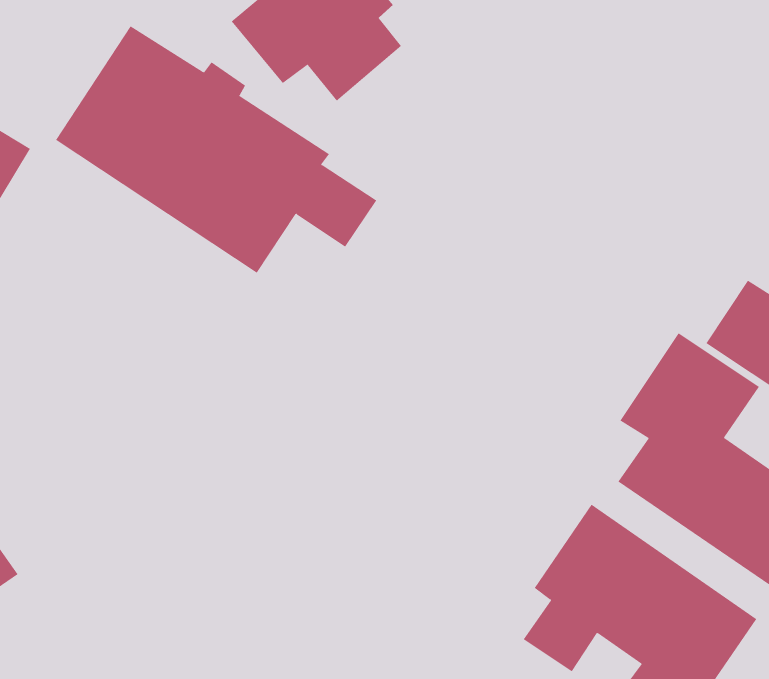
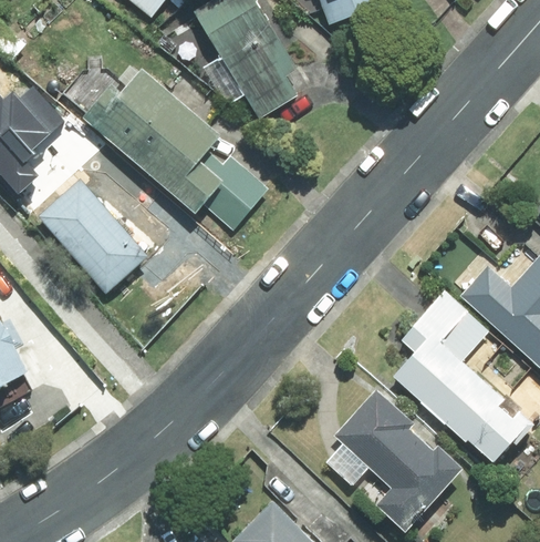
building: none -> [43,170,146,284]

